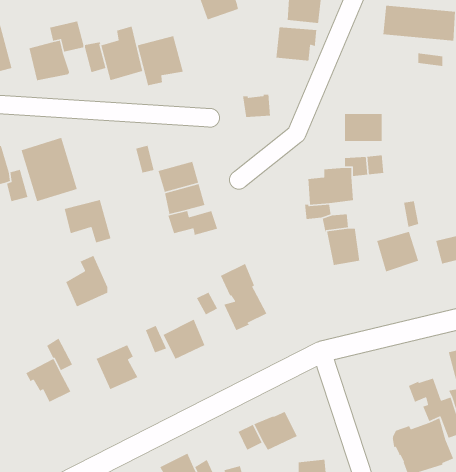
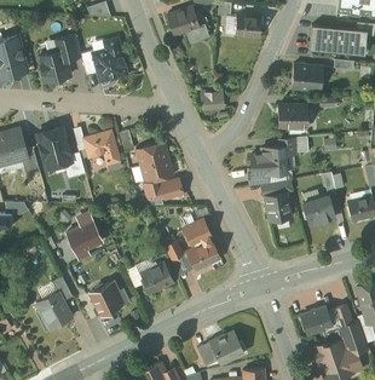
building: [276,26,317,61] -> [292,64,323,91]
building: [137,35,184,86] -> none
building: [64,199,112,244] -> [83,131,120,165]
building: none -> [301,306,331,334]

